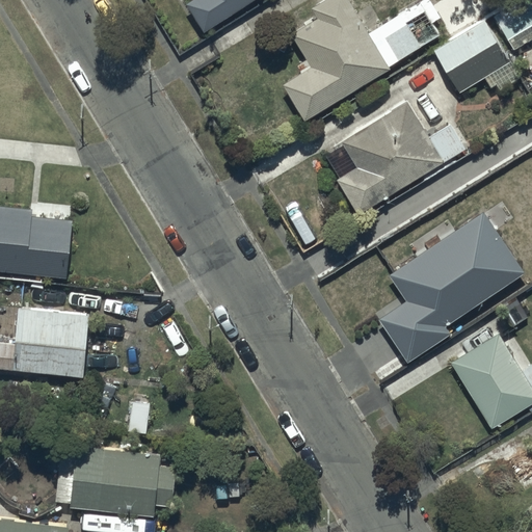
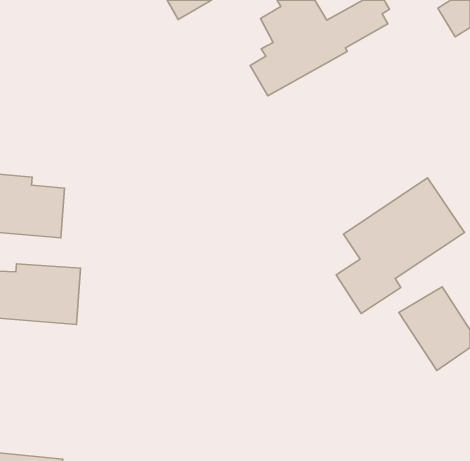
building: [433,21,509,92] -> none
building: [325,103,466,214] -> none
building: [74,447,176,514] -> none

